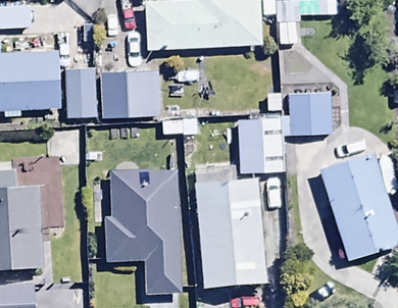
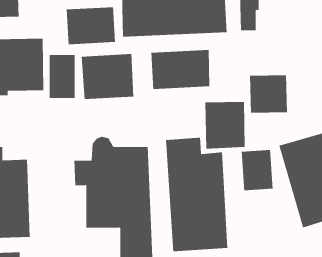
building: none -> [66,6,115,45]
building: none -> [151,49,210,90]
building: none -> [241,149,273,191]

